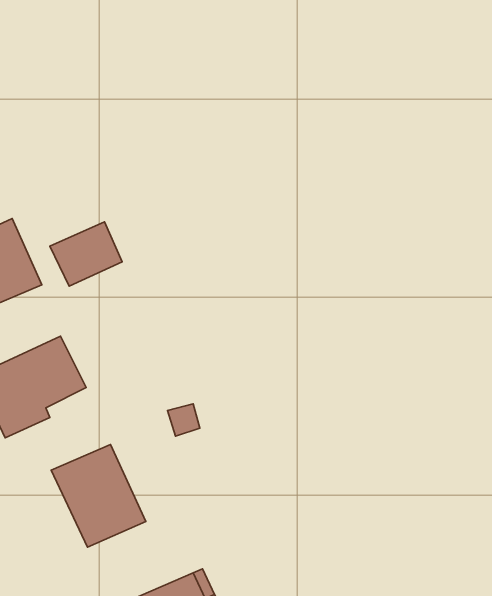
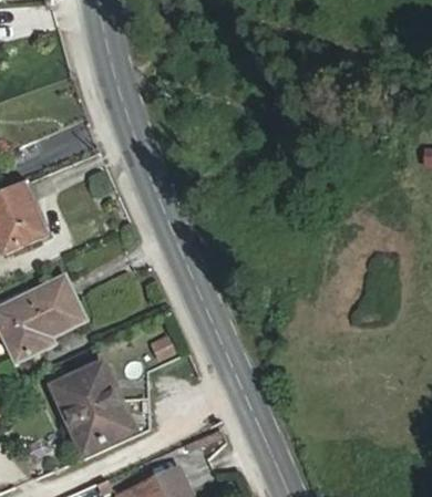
building: [50,222,122,286] -> none

